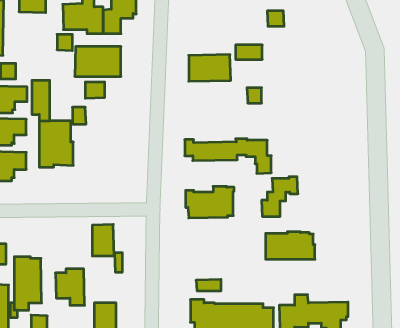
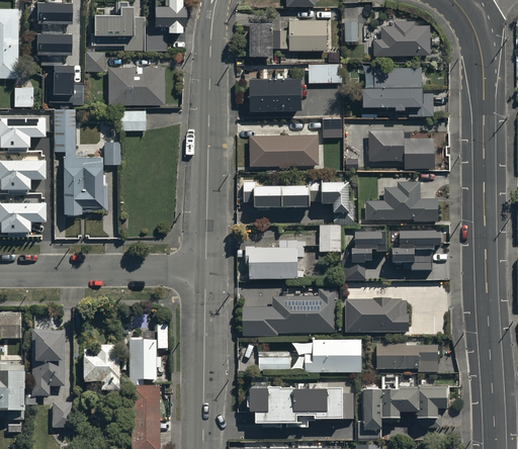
building: none -> [251,20,328,55]
building: none -> [373,21,430,56]
building: none -> [36,32,71,55]
building: none -> [53,64,74,93]
building: none -> [361,68,433,116]
building: none -> [368,130,434,168]
building: none -> [250,134,320,166]
building: none -> [365,183,438,223]
building: none -> [320,227,341,253]
building: none -> [392,230,439,269]
building: [92,224,114,256] -> [130,341,157,380]
building: none -> [244,289,338,337]
building: none -> [307,341,362,374]
building: none -> [377,345,437,373]

